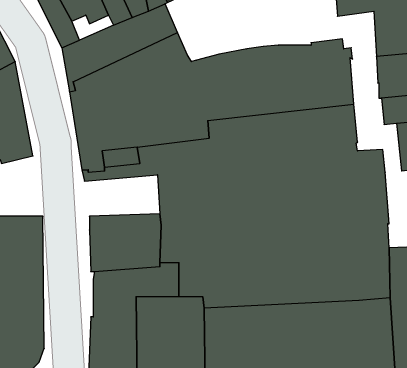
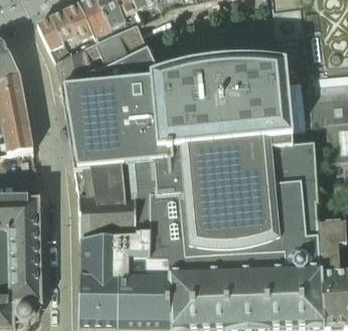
building: none -> [74,160,135,193]

